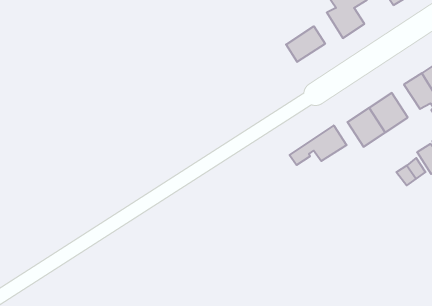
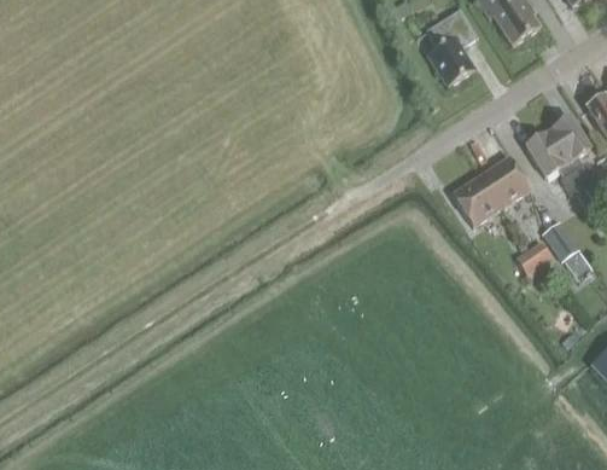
building: [286,26,325,62] -> none
building: [290,125,347,165] -> none

